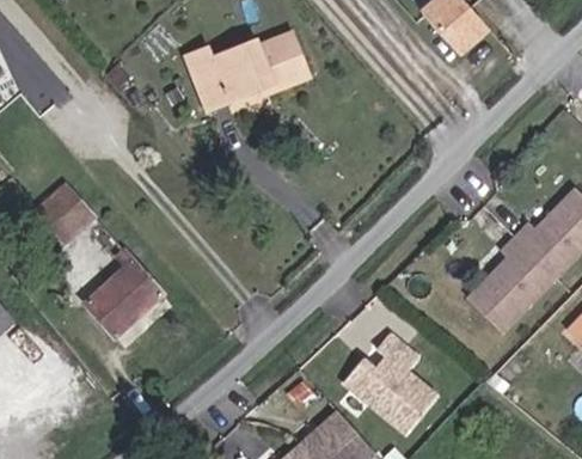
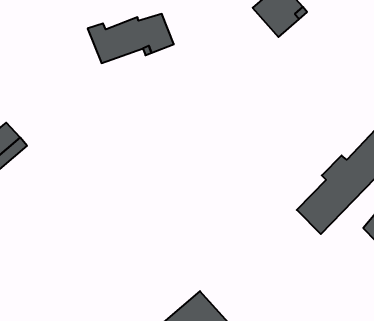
building: [82,244,164,336] -> none
building: [347,345,437,447] -> none

